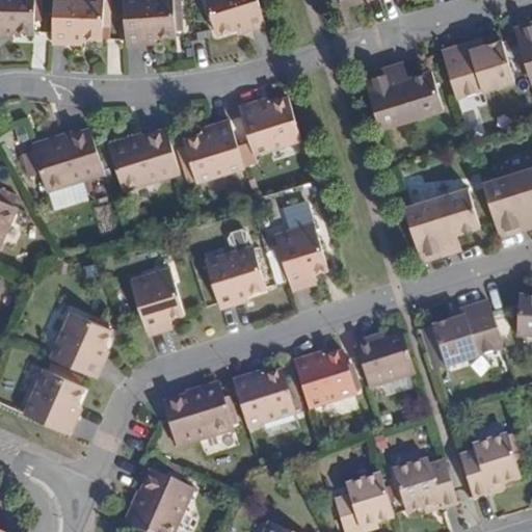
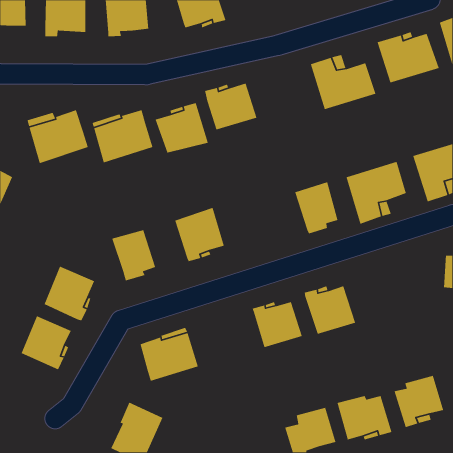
building: [274,222,326,285] -> [294,181,339,235]
building: [420,300,503,368] -> none
building: [233,371,294,427] -> none

